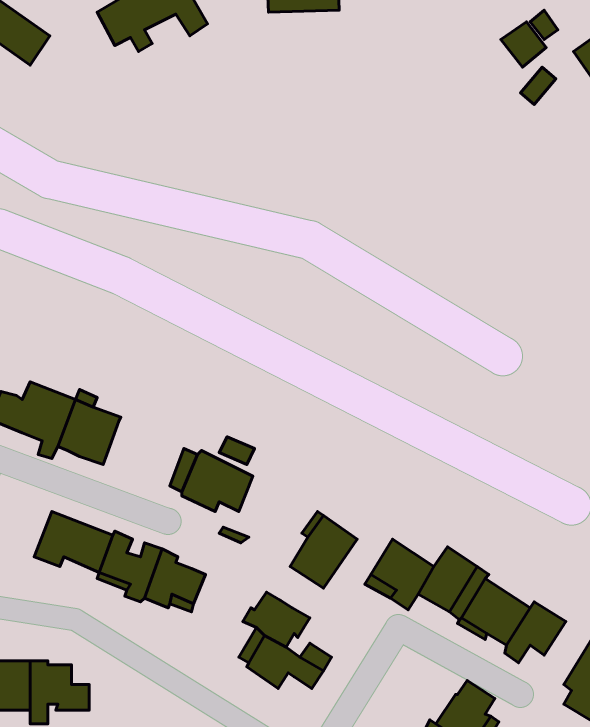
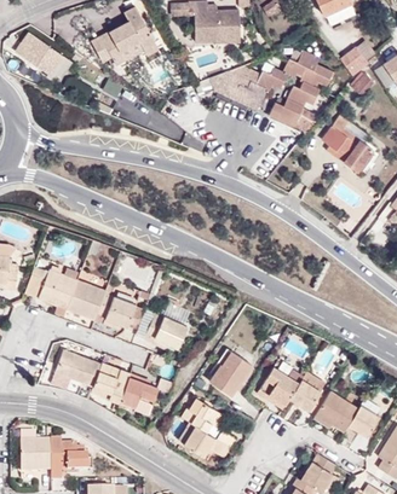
building: none -> [209,51,332,135]
building: none -> [322,121,380,173]
building: none -> [97,294,136,327]

